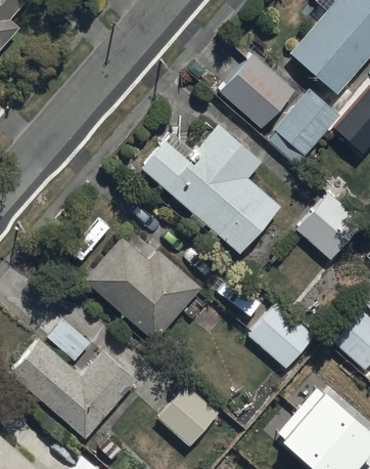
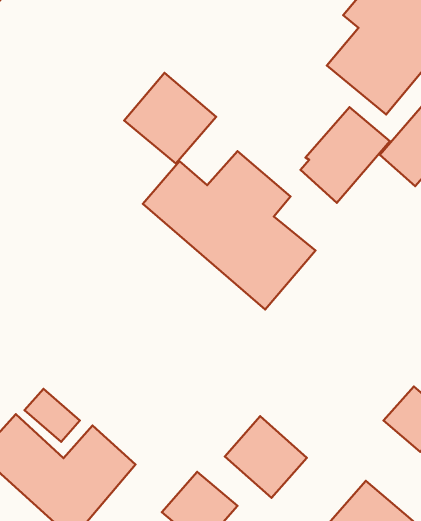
building: [220,53,294,127] -> [124,73,216,163]
building: [296,196,361,260] -> none
building: [83,238,200,343] -> none
building: [248,303,315,370] -> [225,416,307,498]

